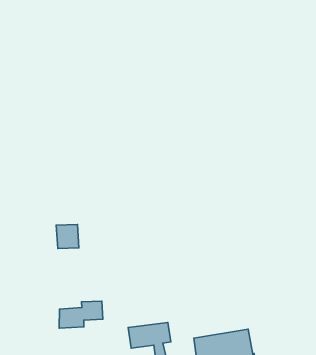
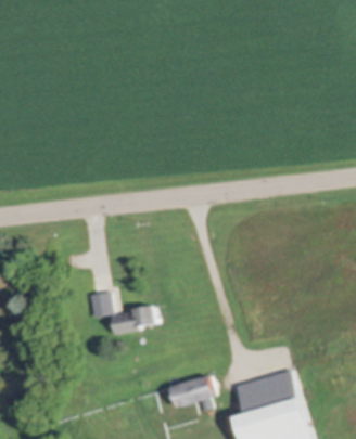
building: [59,301,103,328] -> [112,302,155,334]

